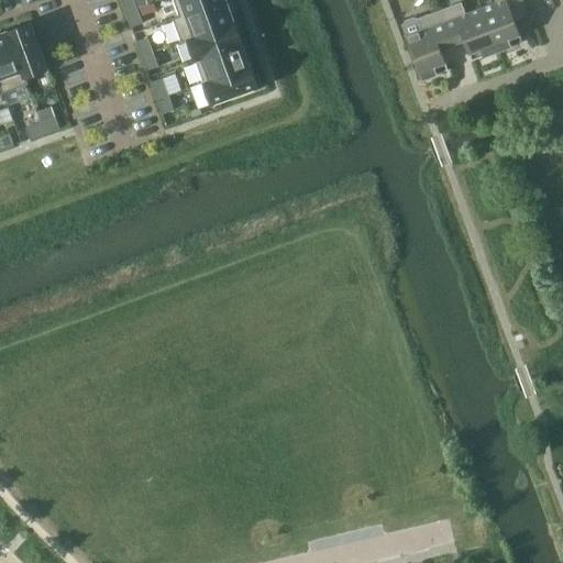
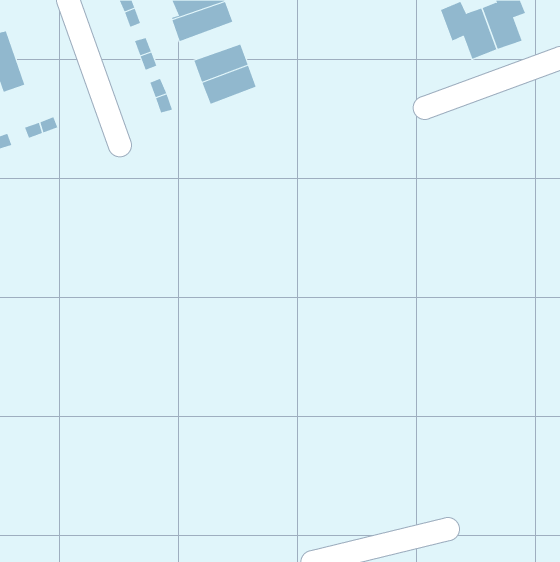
building: [402,10,452,78] -> none
building: [7,22,46,85] -> none
building: [179,22,241,60] -> none

